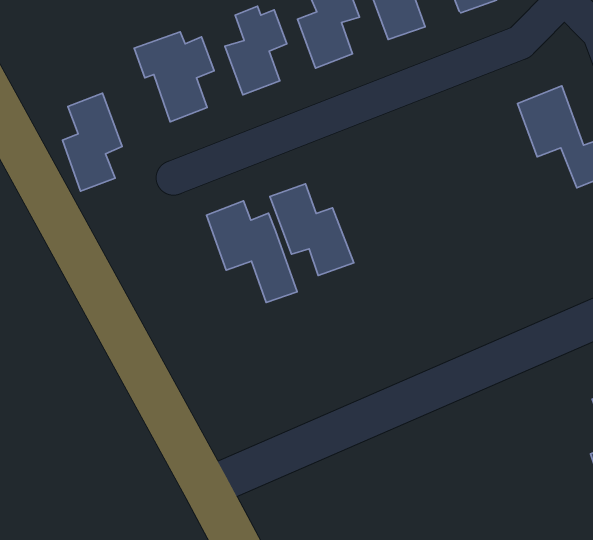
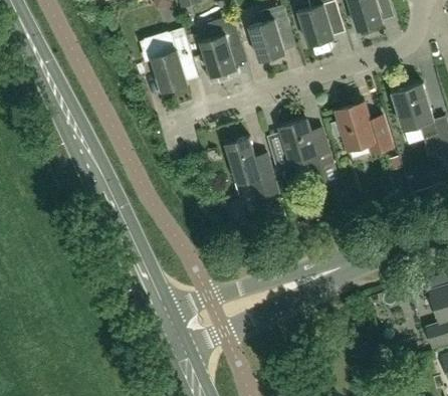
building: [63,93,122,191] -> none
building: none -> [331,102,391,154]
building: [206,201,297,303] -> [279,120,337,188]

